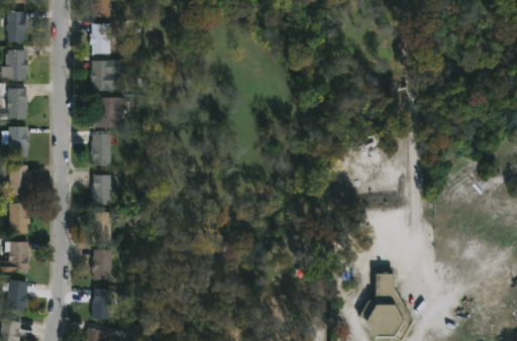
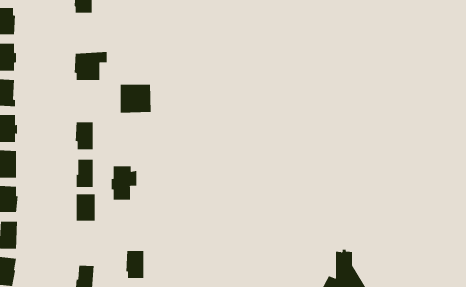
building: [90,22,109,52] -> none
building: [92,97,126,128] -> [120,84,152,113]
building: none -> [111,165,137,201]
building: [92,249,112,279] -> [125,250,144,279]

